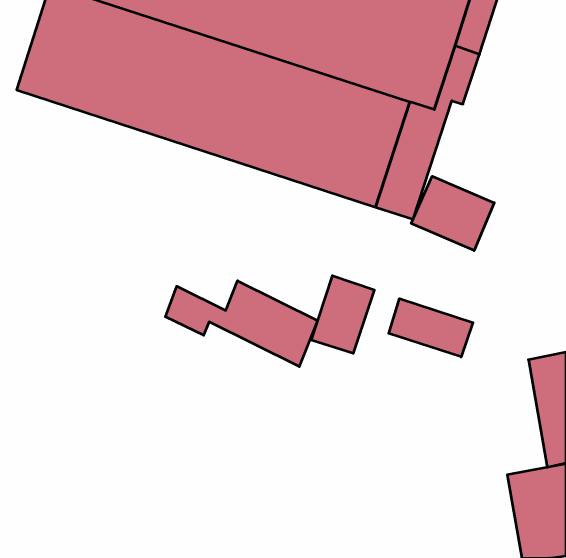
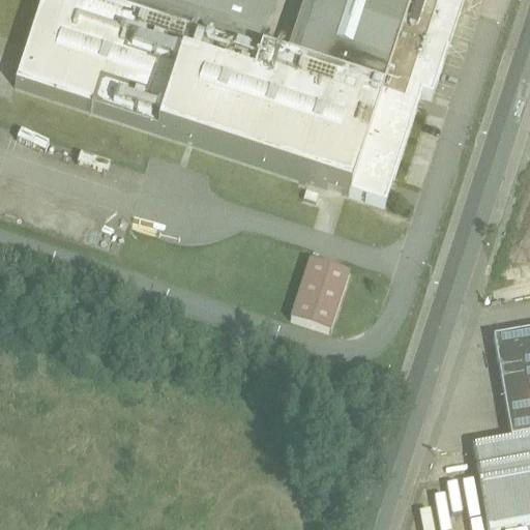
building: [411,176,494,251] -> none
building: [165,281,318,367] -> none
building: [389,299,473,357] -> none

